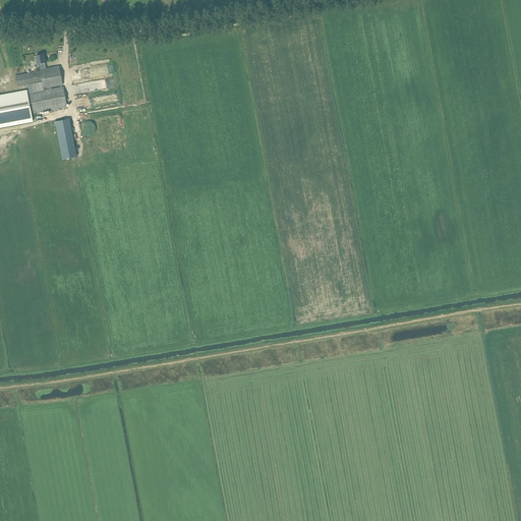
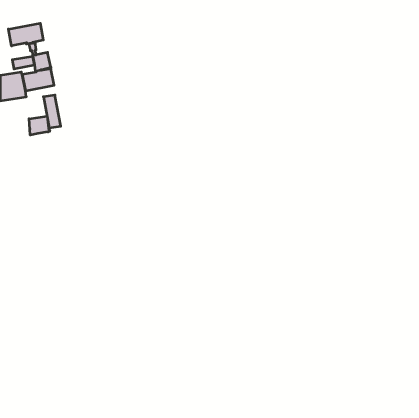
building: none -> [8,23,43,46]
building: none -> [29,116,50,135]

